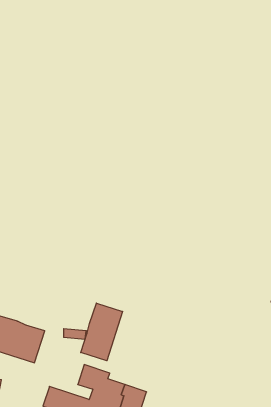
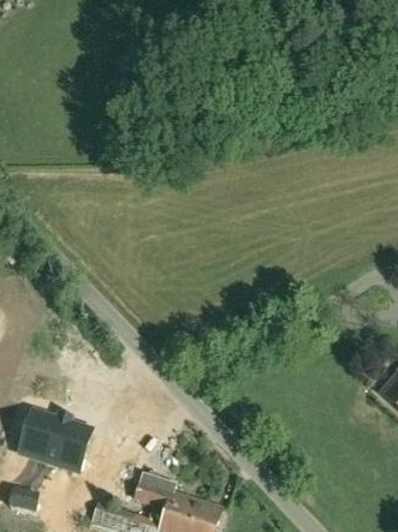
building: [81,303,123,361] -> none

